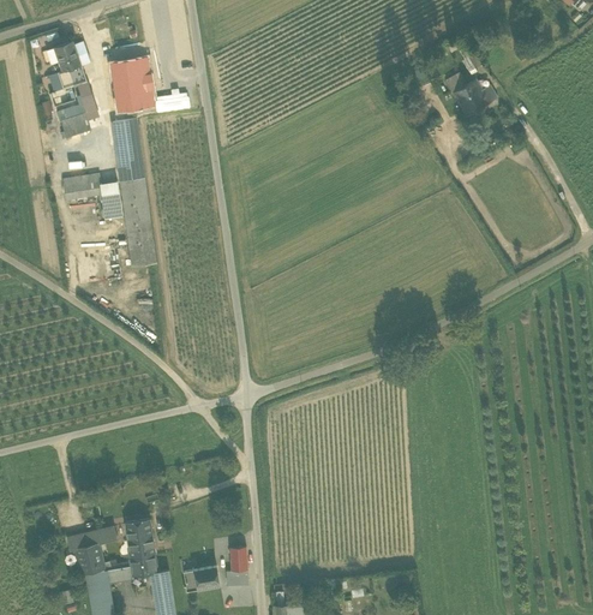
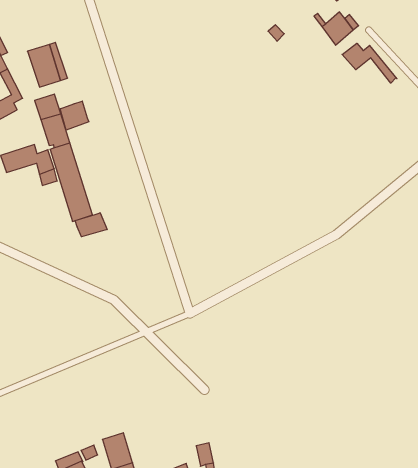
building: none -> [342,43,397,83]
building: none -> [60,101,89,130]
building: none -> [75,213,107,237]

